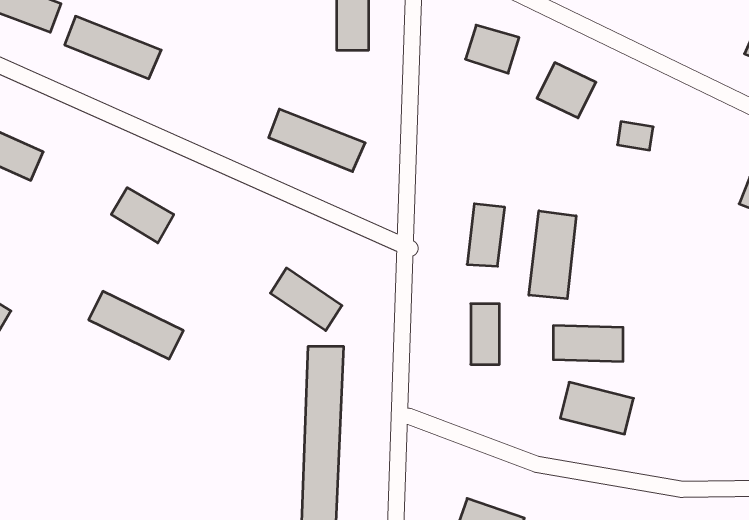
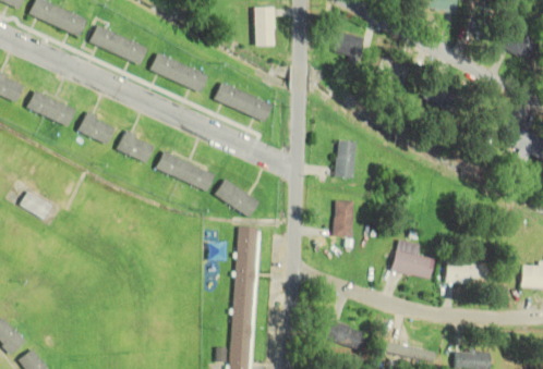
building: none -> [148,52,207,91]
building: none -> [77,112,116,144]
building: [529,211,576,299] -> none
building: [89,291,183,359] -> [156,149,214,190]
building: [553,326,623,361] -> [446,261,488,283]

